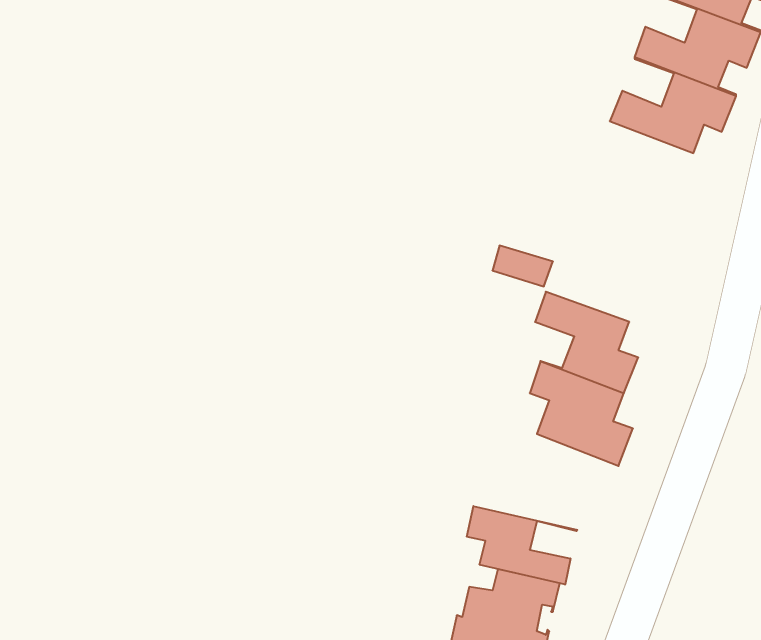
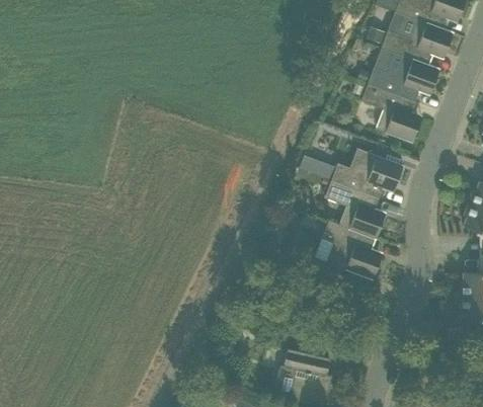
building: none -> [360,84,419,143]
building: none -> [330,149,402,198]
building: [467,506,577,585] -> none

